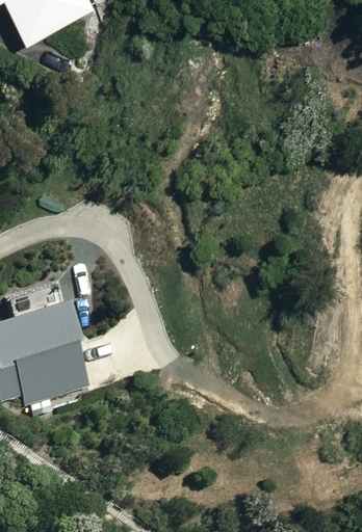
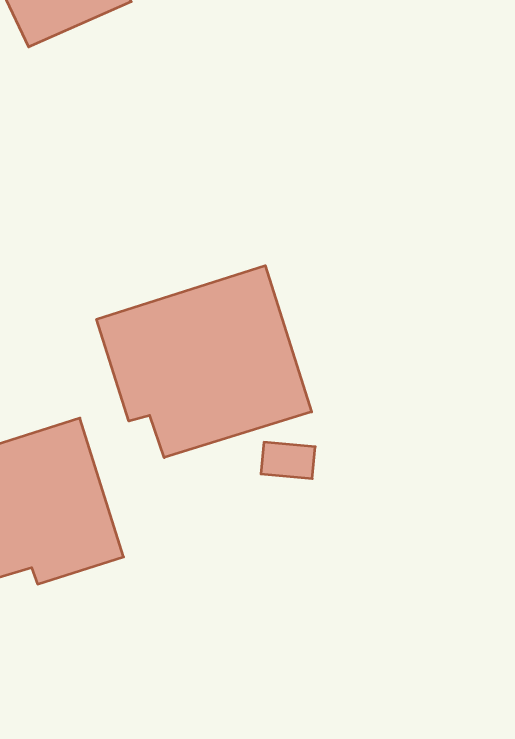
building: none -> [97,266,312,458]

